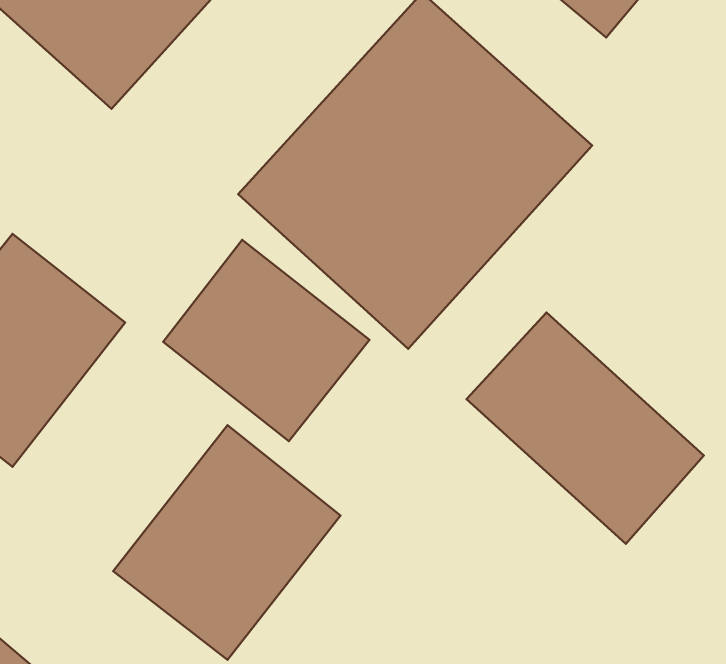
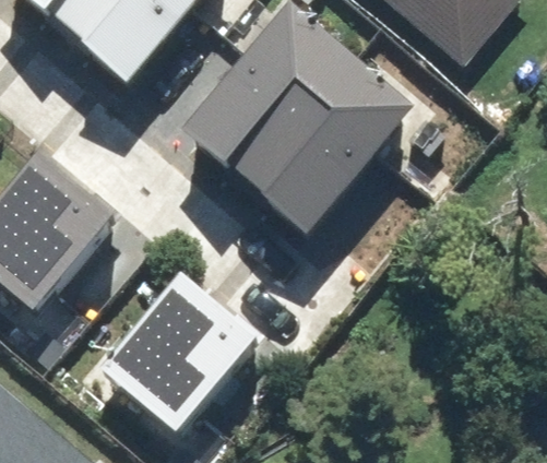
building: [163,240,370,441] -> none
building: [466,313,704,544] -> none

